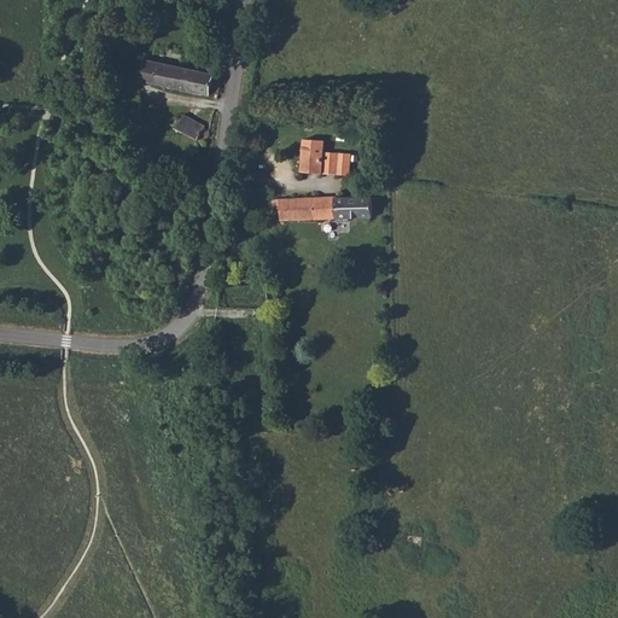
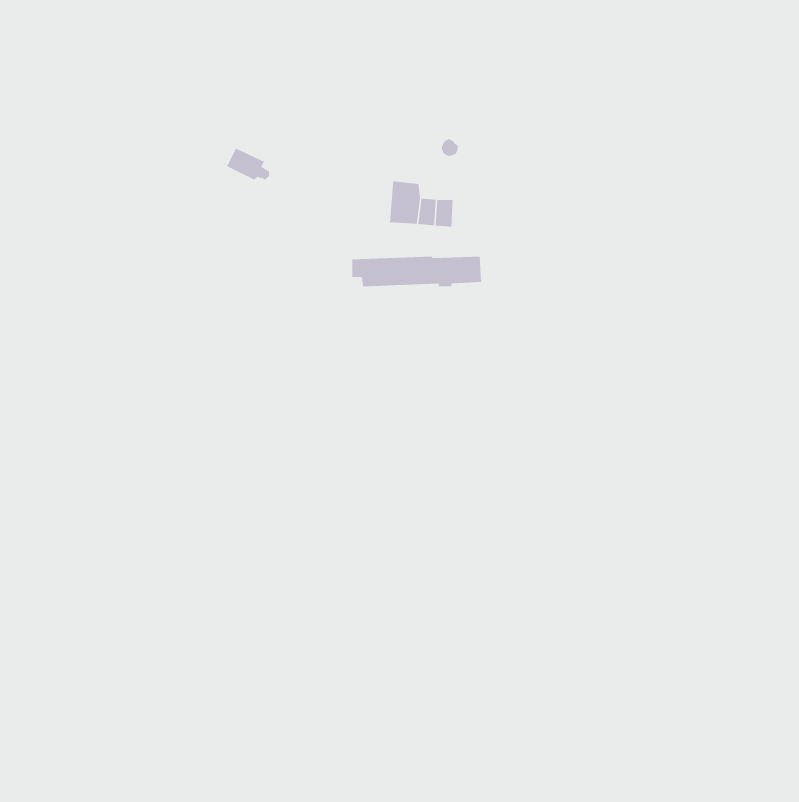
building: [136,59,212,94] -> none

